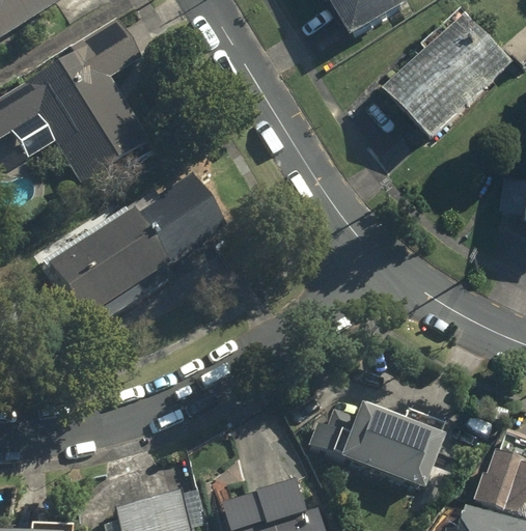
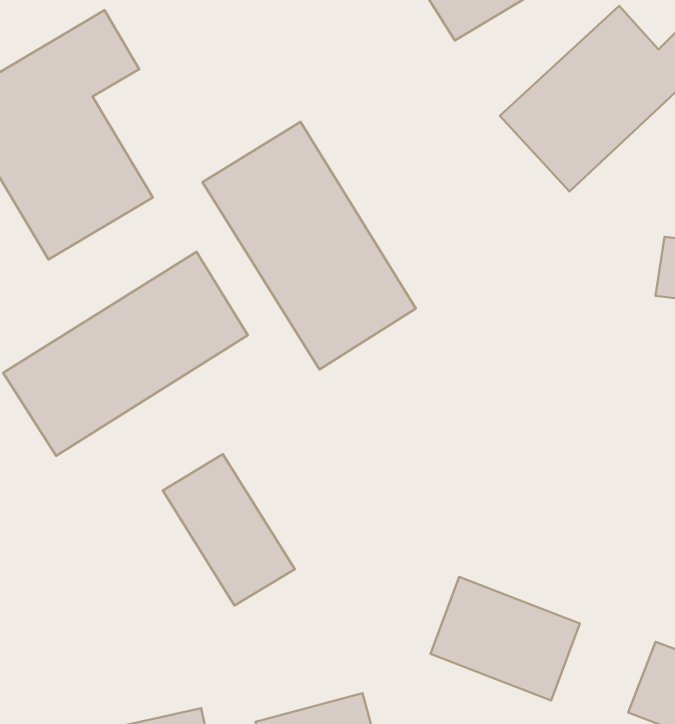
building: none -> [202,122,416,370]
building: none -> [163,454,295,605]

